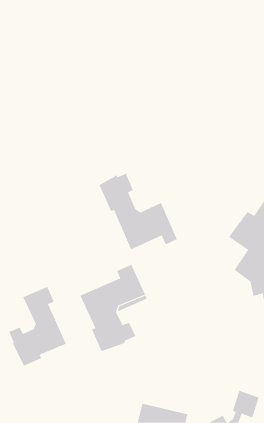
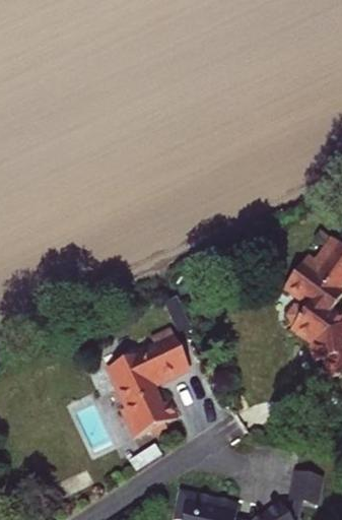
building: [99,173,177,250] -> none
building: [8,286,67,367] -> none

